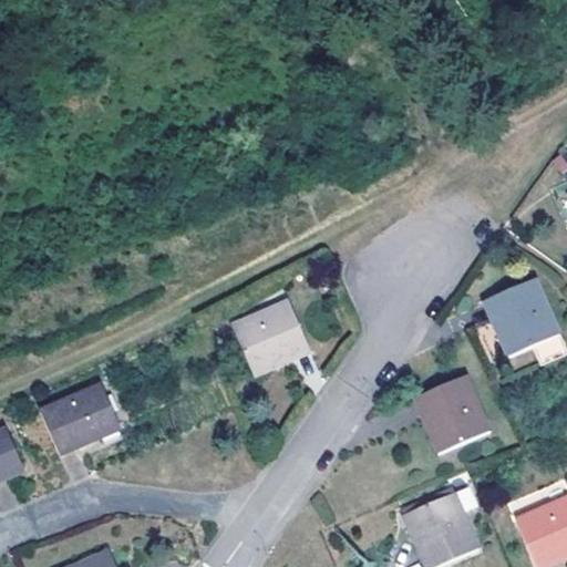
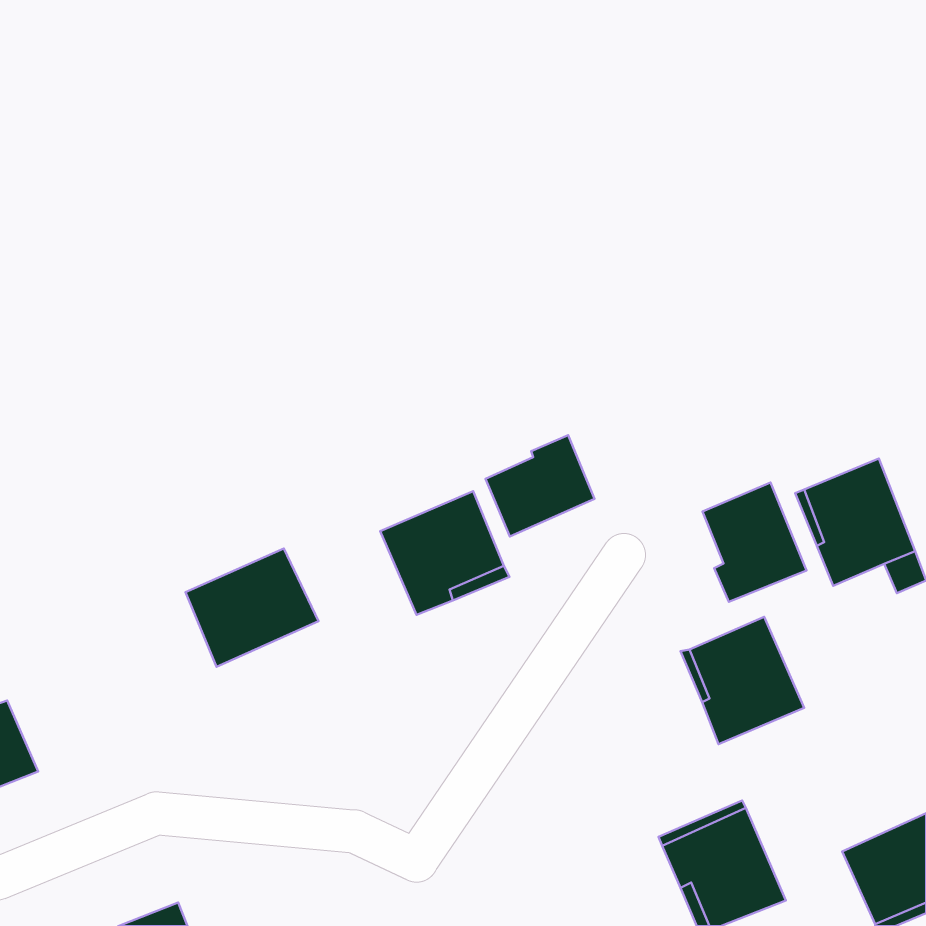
building: none -> [486,435,595,537]
building: none -> [702,482,807,602]
building: [41,382,122,454] -> [186,548,318,667]

